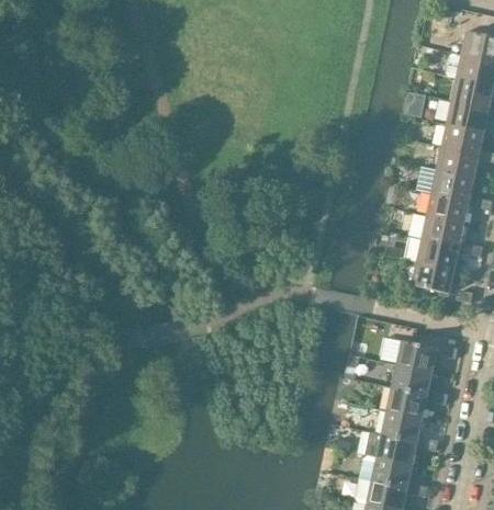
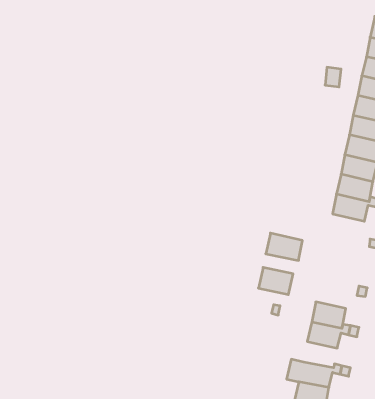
building: [411,262,453,294] -> [266,233,302,260]
building: [396,341,437,373] -> [258,267,293,295]
building: [382,411,422,442] -> none

